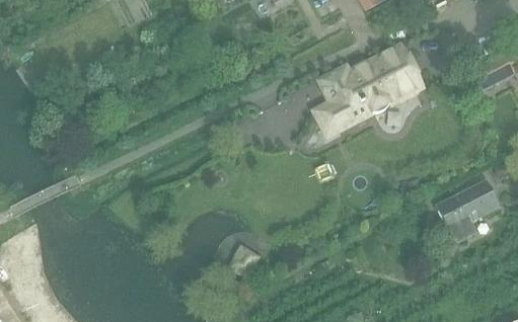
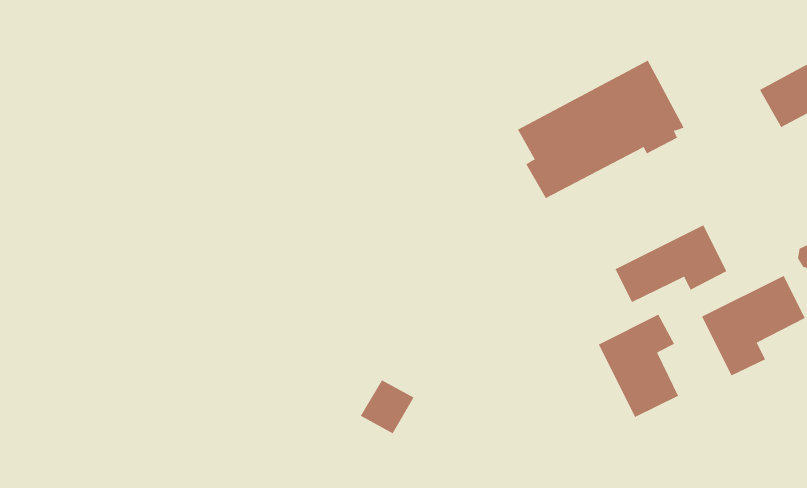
building: none -> [615,225,727,303]
building: none -> [598,314,679,418]

